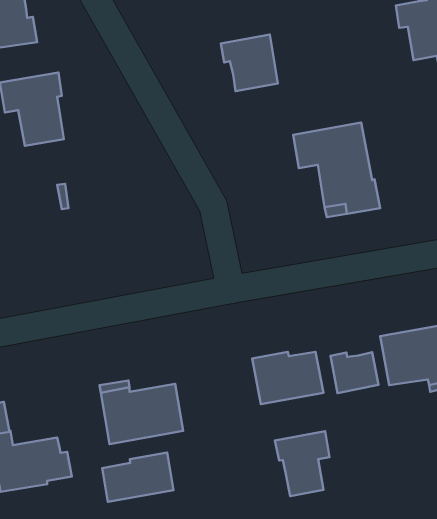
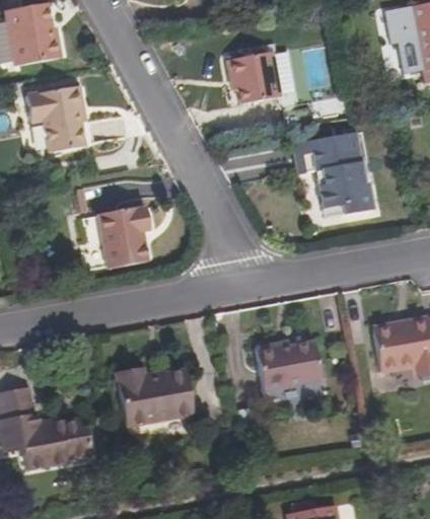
building: none -> [99,206,150,268]
building: [330,352,378,393] -> none
building: [275,431,330,496] -> none
building: [102,453,173,502] -> none

